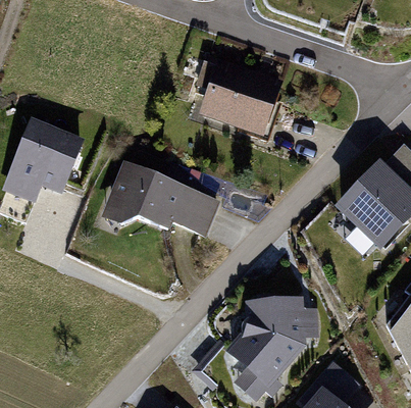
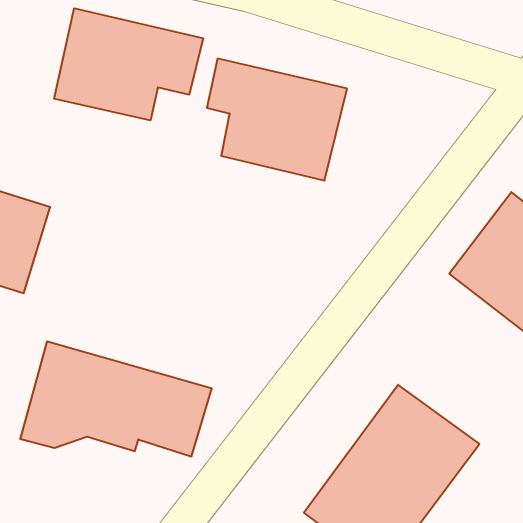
building: none -> [54,8,203,120]
building: [97,156,222,239] -> [20,341,212,456]

